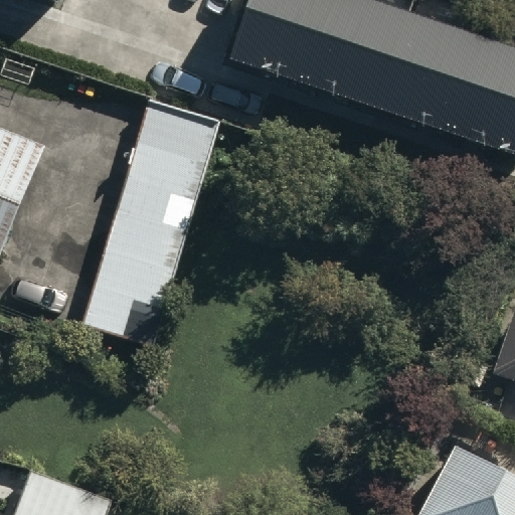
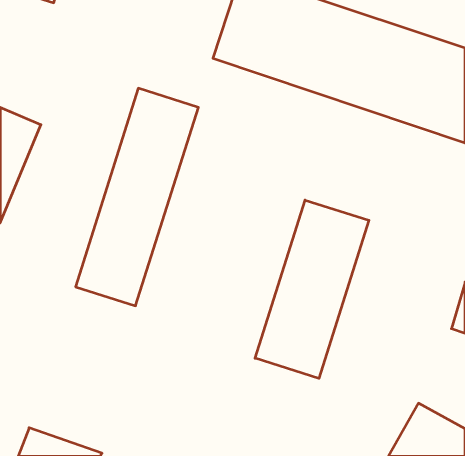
building: none -> [255,200,369,378]

